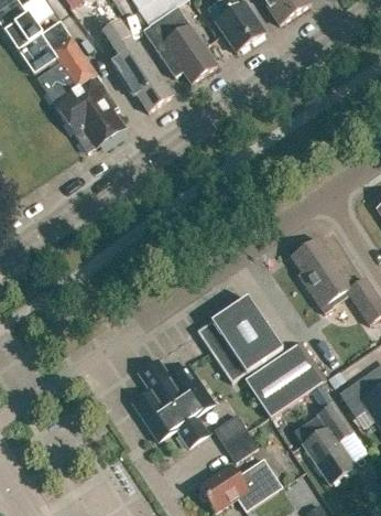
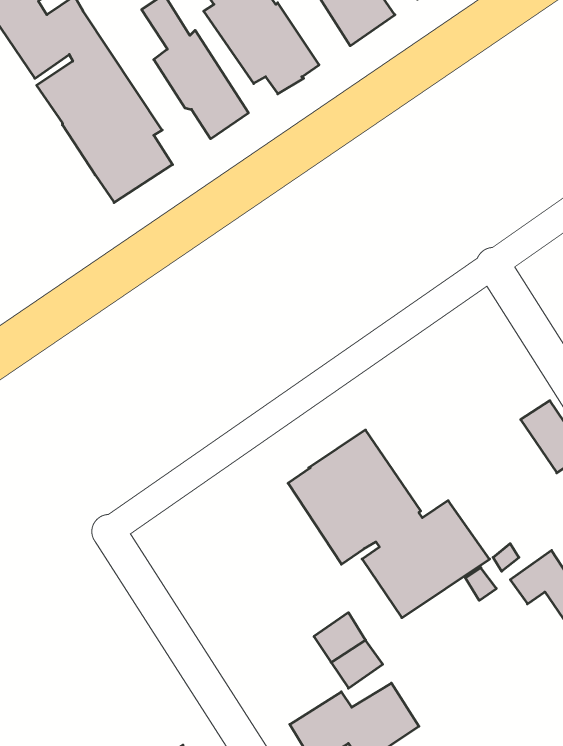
building: [291,238,353,307] -> none
building: [140,363,214,445] -> none
building: [303,405,356,484] -> none

